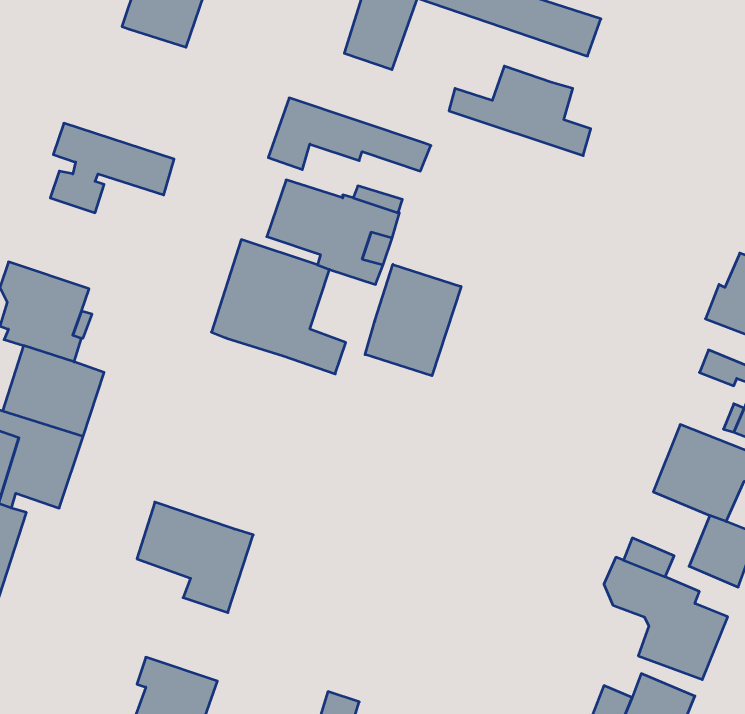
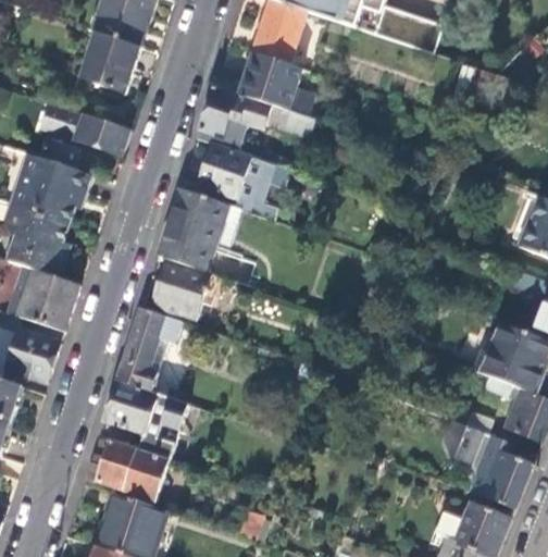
building: none -> [82,34,138,94]
building: [449,66,591,156] -> [213,51,316,116]
building: none -> [9,152,90,223]
building: [365,264,461,376] -> none
building: none -> [152,259,209,319]
building: none -> [115,306,188,398]
building: none -> [84,440,169,500]

